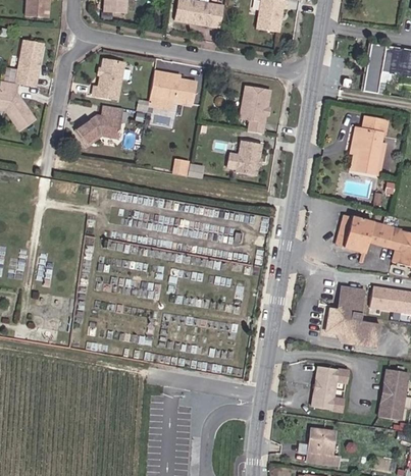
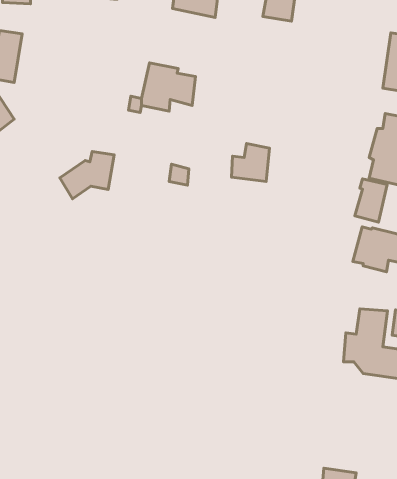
building: [91,58,123,102] -> none
building: [240,86,270,134] -> none
building: [74,106,122,148] -> [60,151,114,199]
building: none -> [355,179,387,222]
building: [310,366,349,414] -> none

